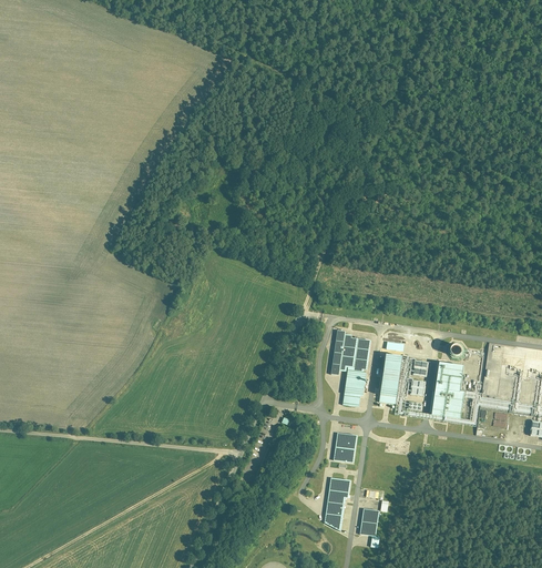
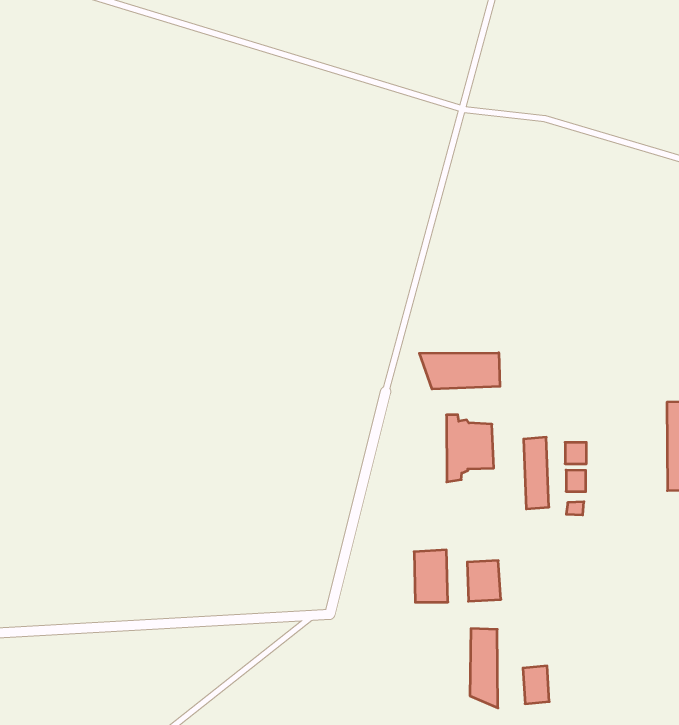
building: none -> [419,353,500,389]
building: [432,362,468,417] -> none
building: [340,371,367,408] -> [414,550,448,602]

